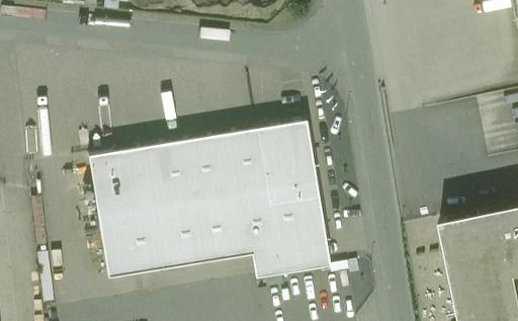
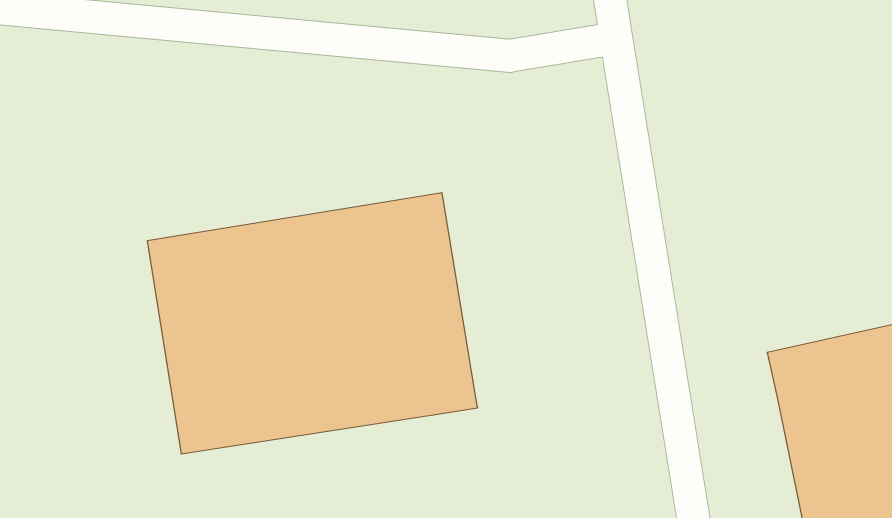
building: [252,121,330,278] -> none

